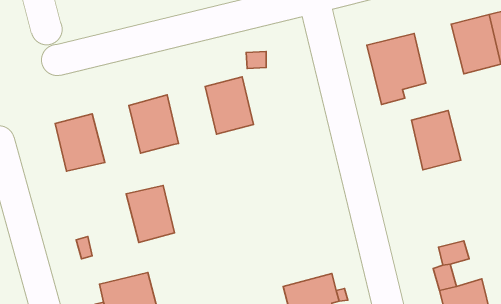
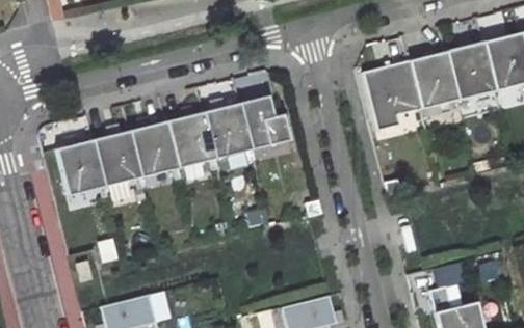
building: none -> [241,95,291,149]
building: none -> [167,112,216,168]
building: [411,110,461,170] -> [411,51,460,109]
building: [126,185,175,242] -> [94,131,141,187]

